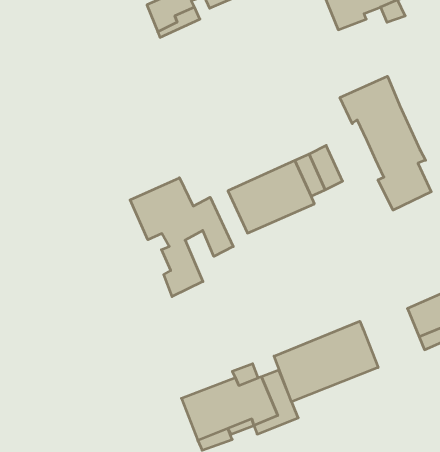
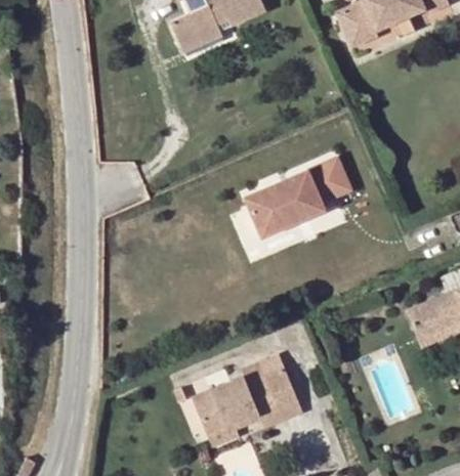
building: [340,76,431,210] -> none
building: [130,178,233,297] -> none
building: [274,321,378,402] -> none

